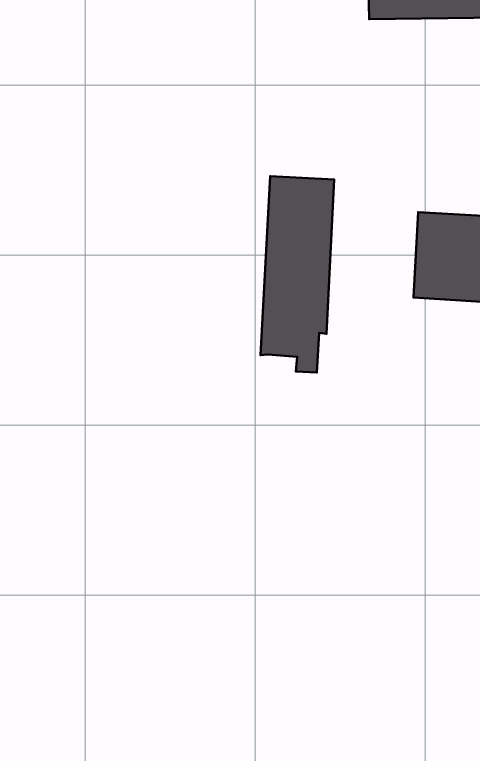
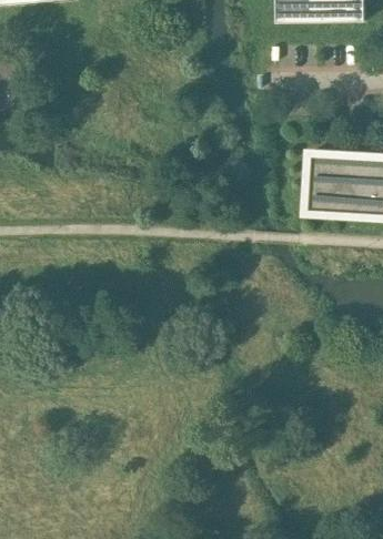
building: [260,176,334,373] -> none

